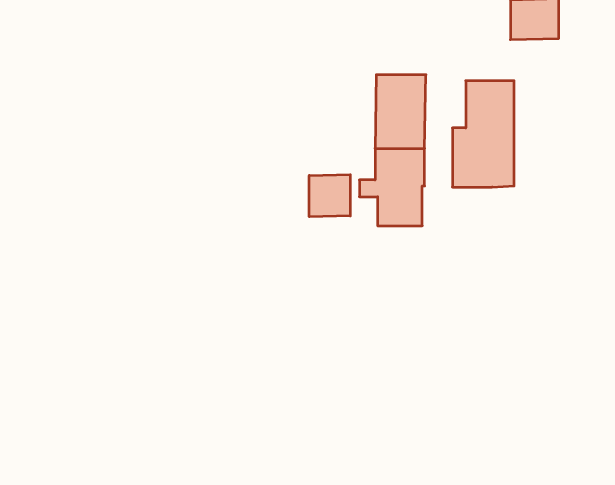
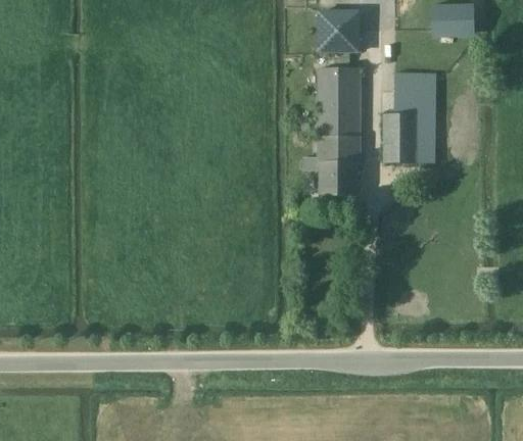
building: none -> [318,10,359,52]
building: [309,175,350,217] -> none

